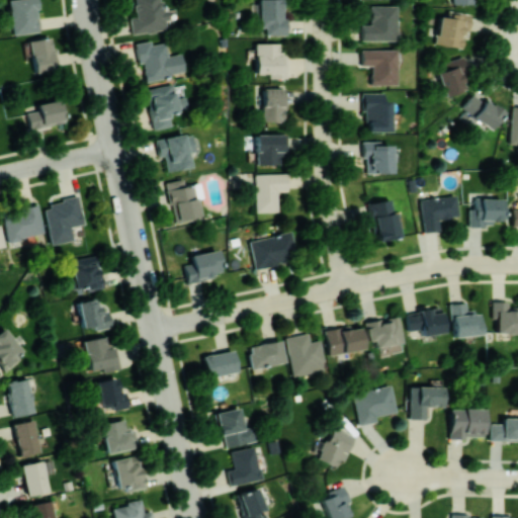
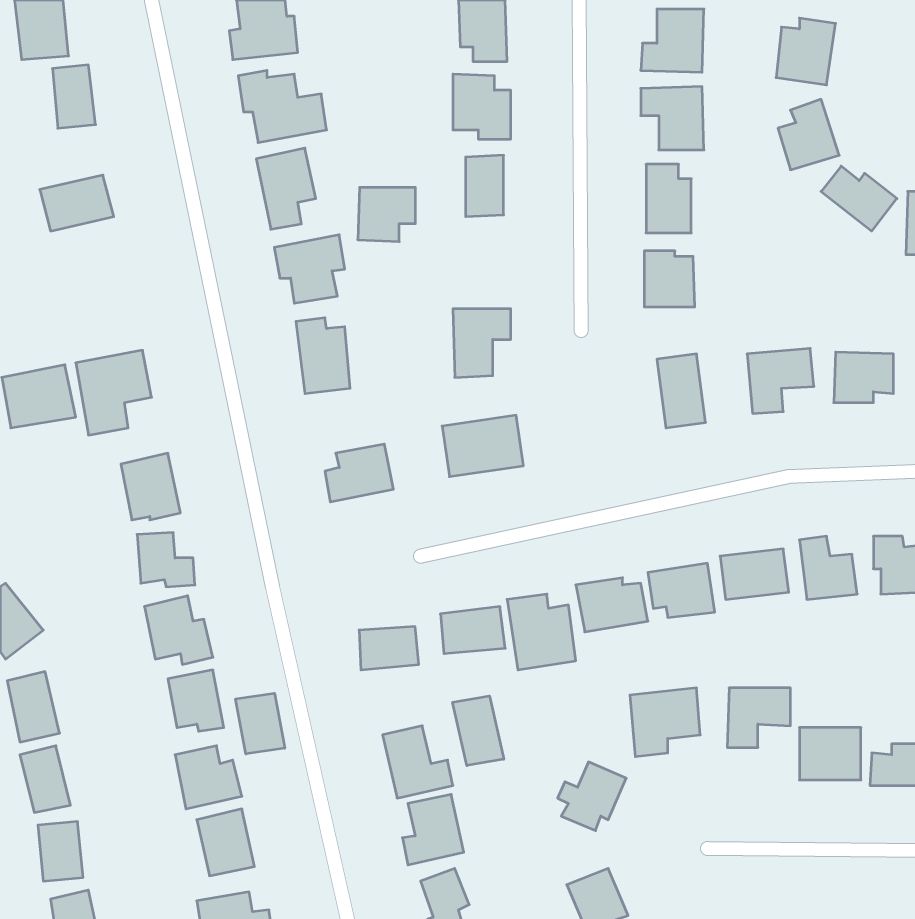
building: [258,136,290,166] -> [358,187,415,242]
building: none -> [236,693,285,754]
building: none -> [453,696,504,766]

